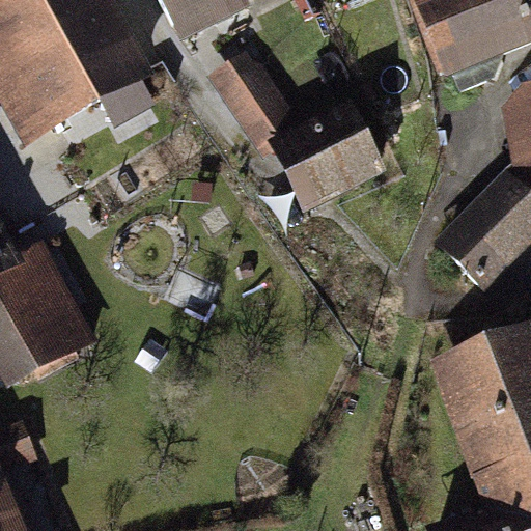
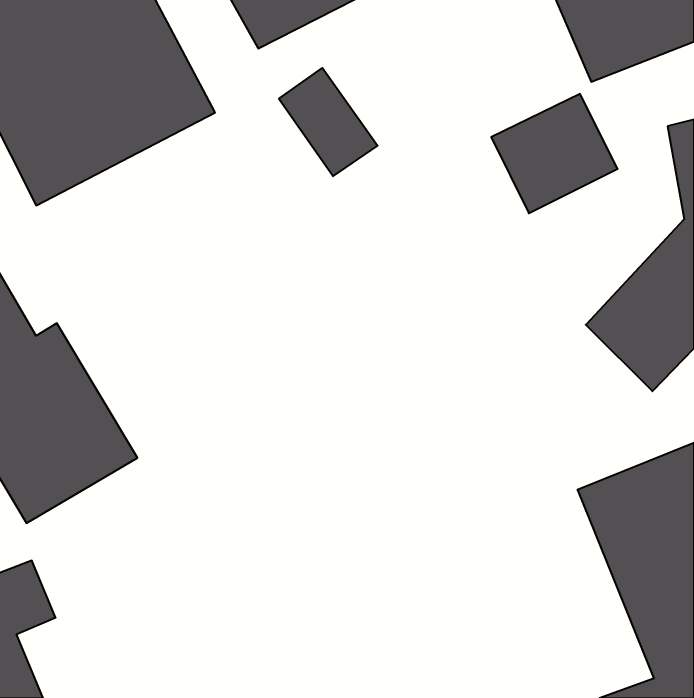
building: [271,105,365,194] -> [491,94,618,213]

